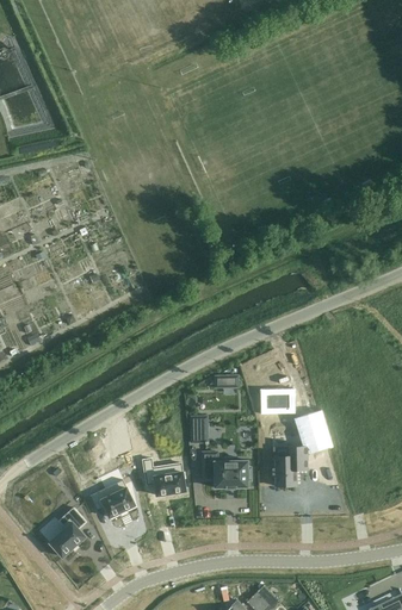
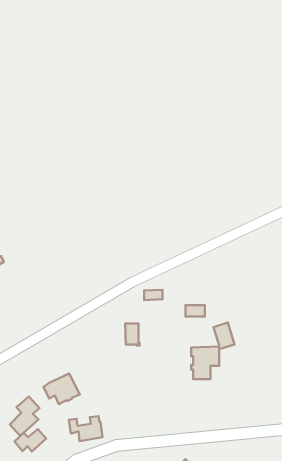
building: [202,452,251,487] -> none
building: [143,463,185,494] -> [69,416,102,441]
building: none -> [14,429,46,451]

